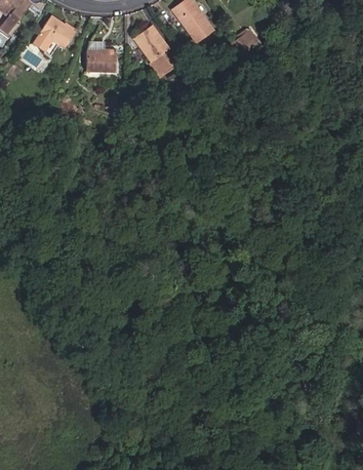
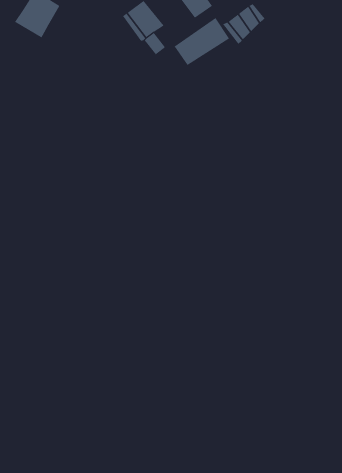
building: none -> [174,17,230,66]
building: [87,52,119,74] -> none

